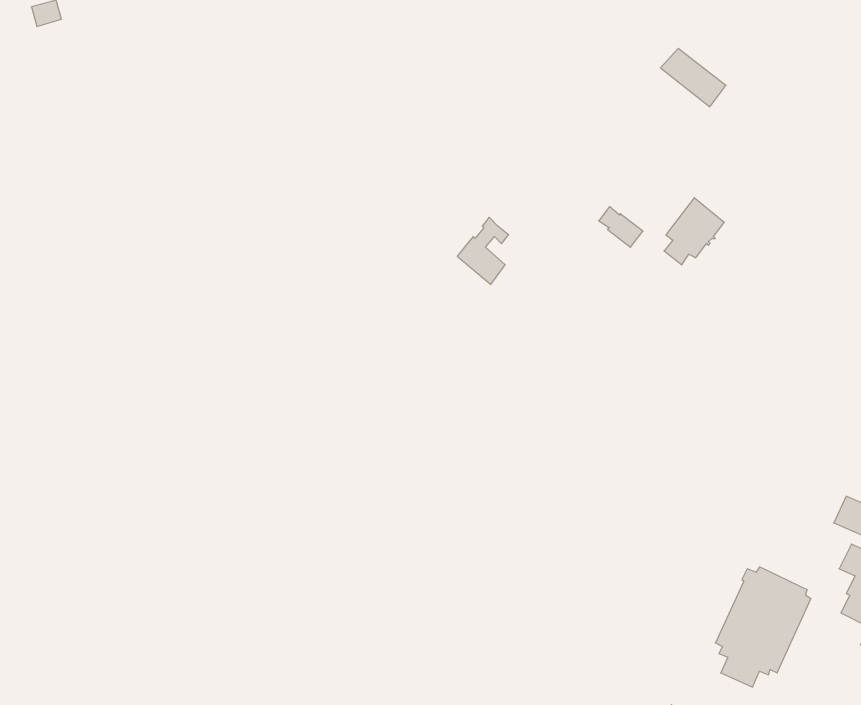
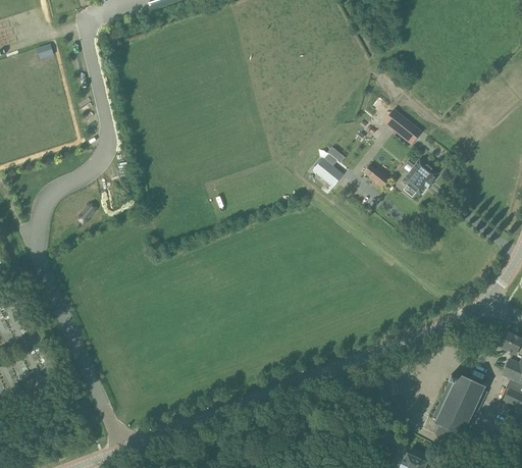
building: [660,48,726,107] -> [383,109,421,143]
building: [457,217,509,284] -> [314,146,344,185]

